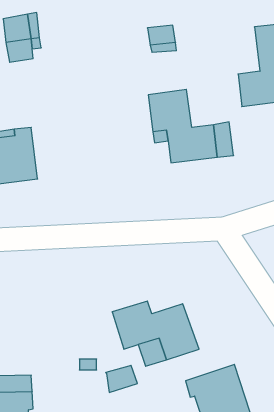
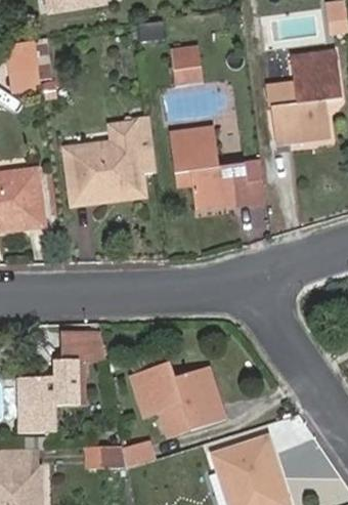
building: none -> [62,122,143,205]
building: none -> [16,330,107,432]
building: none -> [85,446,126,467]

